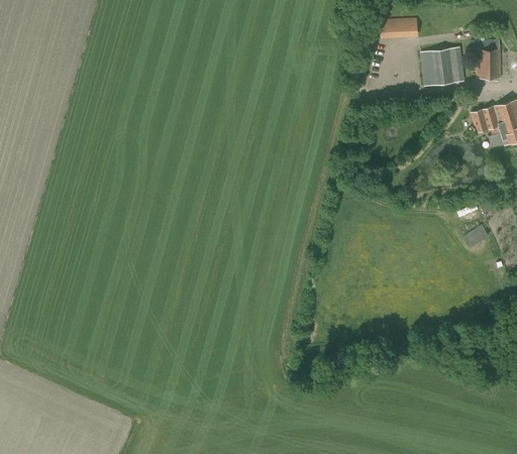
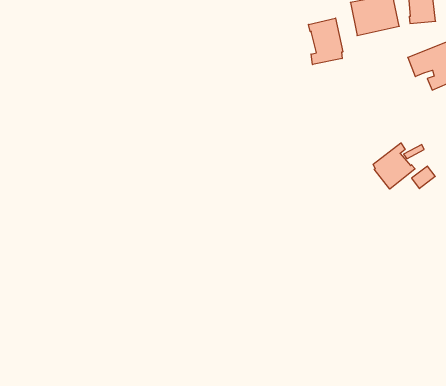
building: none -> [308,18,343,65]
building: none -> [373,143,415,189]

